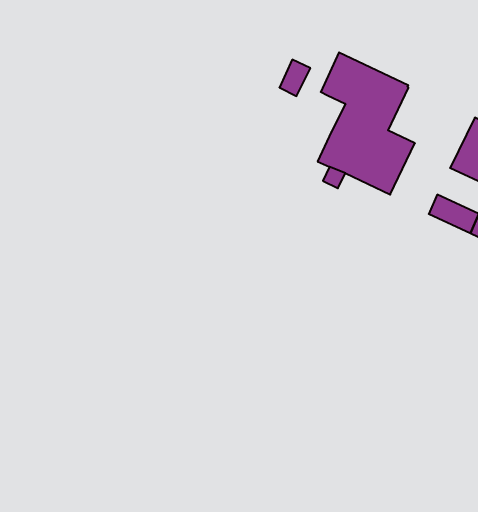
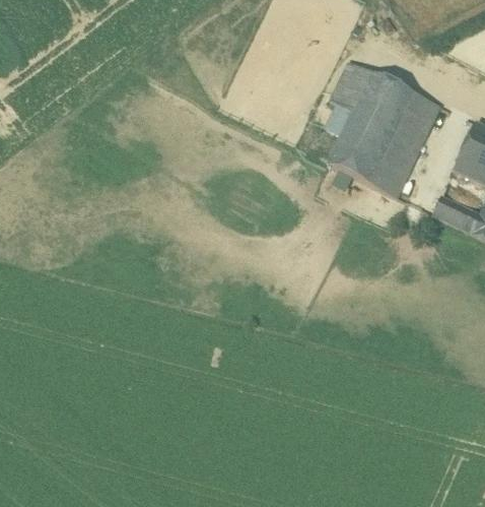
building: [279,60,310,96] -> [325,102,354,136]
building: none -> [395,92,440,147]

